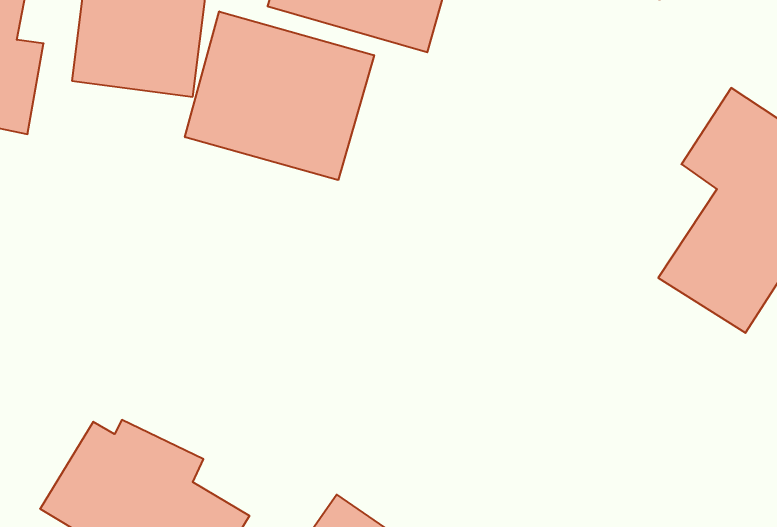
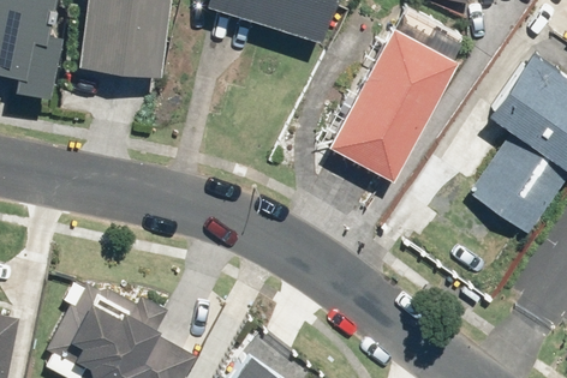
building: [185,11,374,180] -> none
building: none -> [330,29,458,182]

